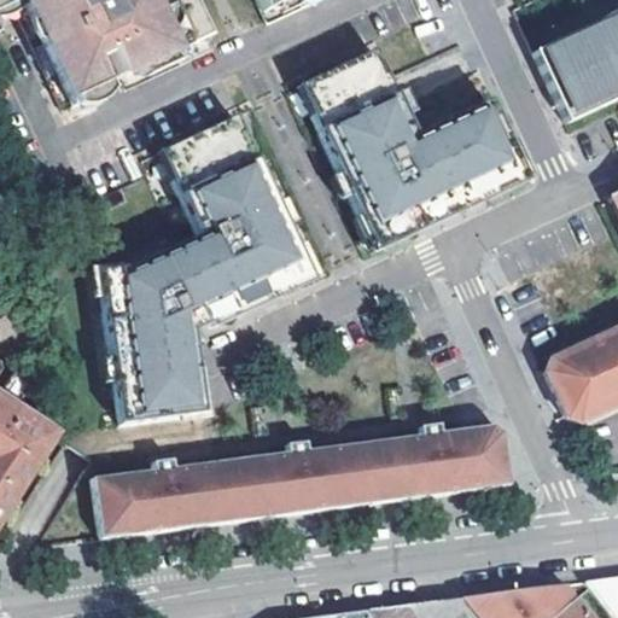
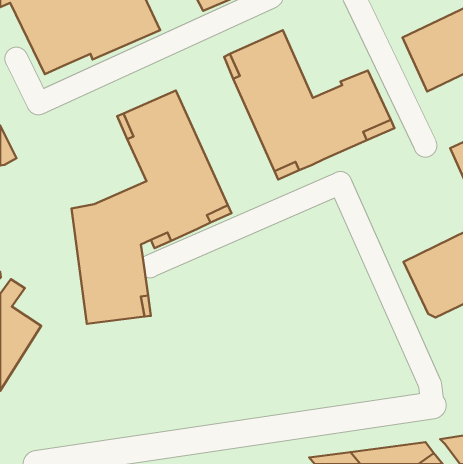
building: [94,421,512,537] -> none

